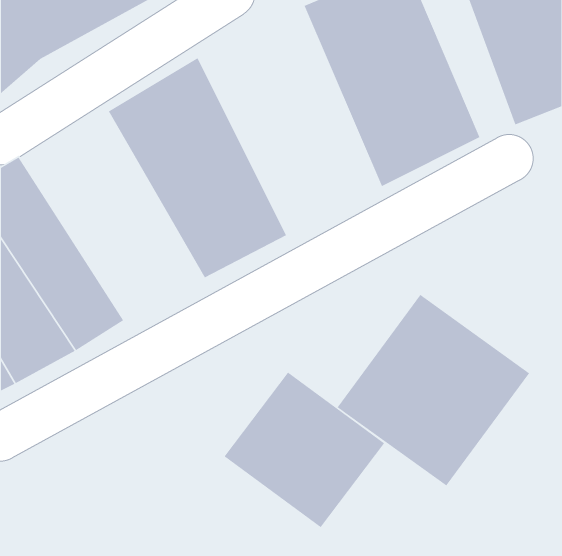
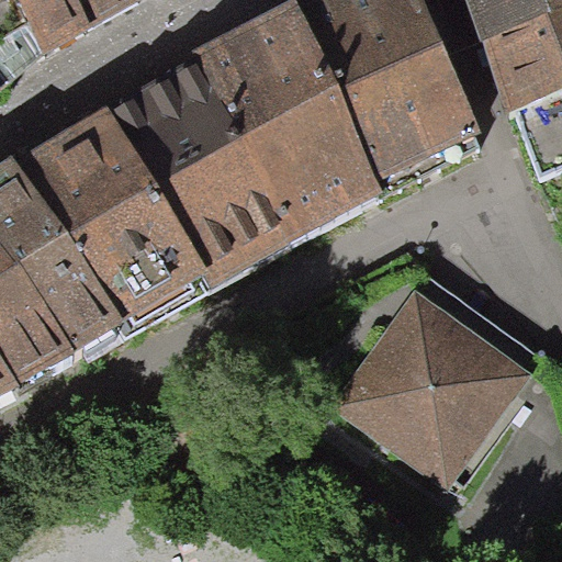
building: none -> [198,5,381,235]
building: none -> [19,111,204,319]
building: [224,371,385,528] -> none

